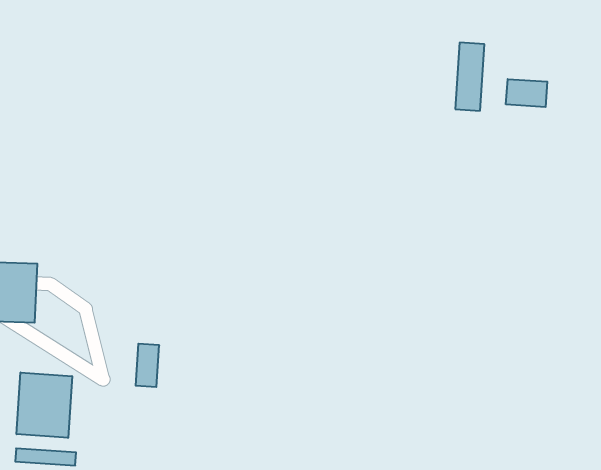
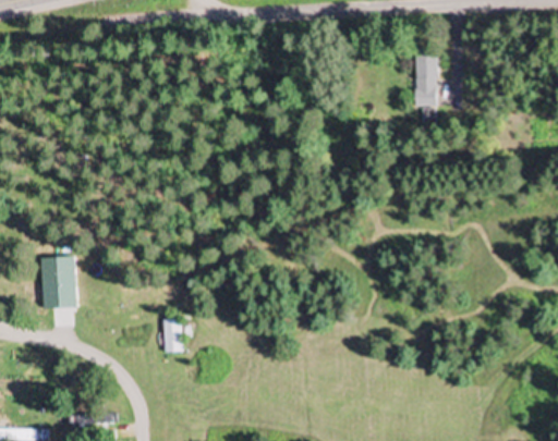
building: [506,79,547,107] -> none
building: [17,372,72,438] -> none

